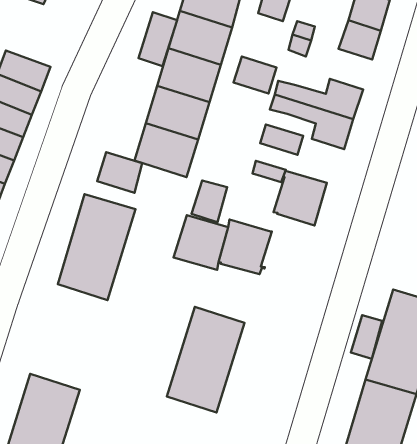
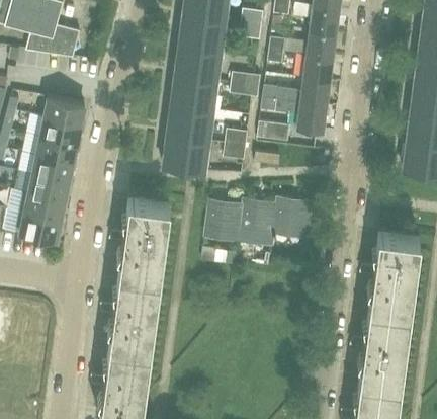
building: [138,12,177,66] -> none
building: none -> [303,53,334,81]
building: [97,152,142,193] -> none
building: [274,171,327,225] -> [274,197,312,236]
building: [191,180,227,222] -> [224,129,248,159]
building: [167,307,244,413] -> [109,270,160,349]
building: [351,315,382,359] -> none

